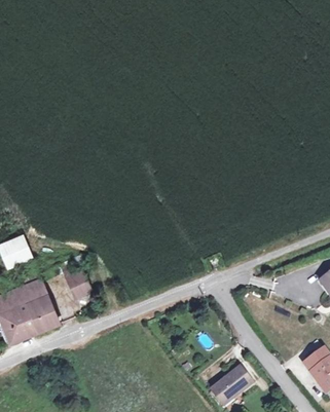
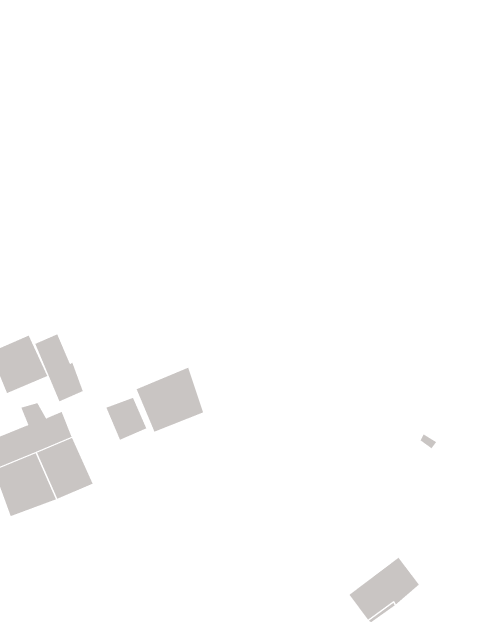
building: none -> [35,334,84,402]
building: none -> [136,367,204,432]

